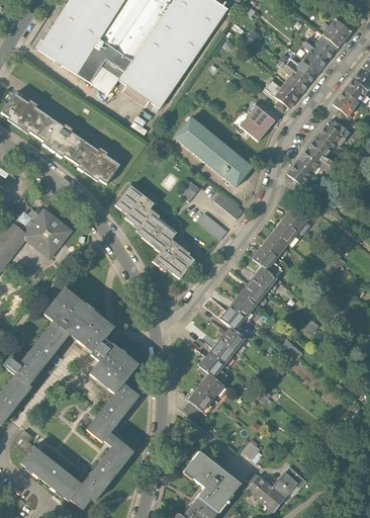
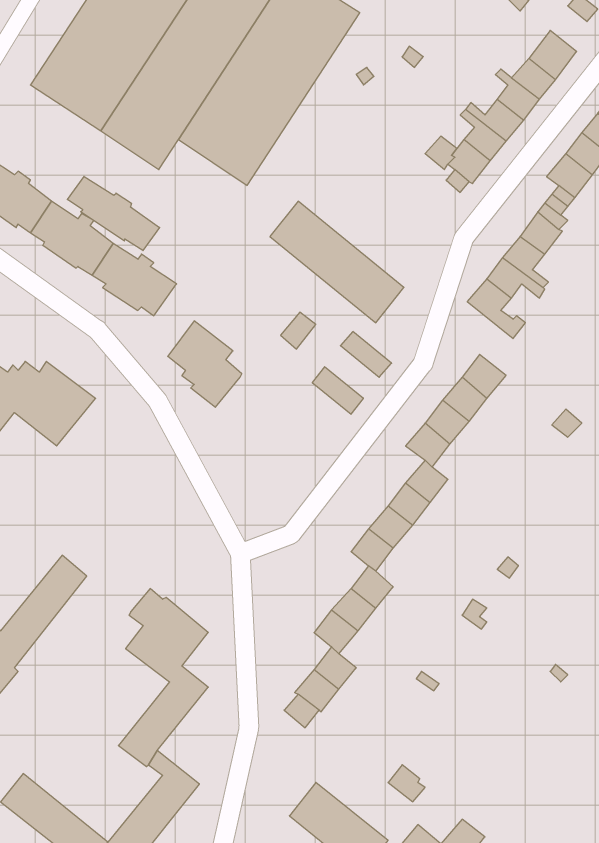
building: none -> [67,176,160,251]
building: [240,104,275,140] -> none
building: [141,218,194,276] -> none
building: [45,287,114,352] -> none

